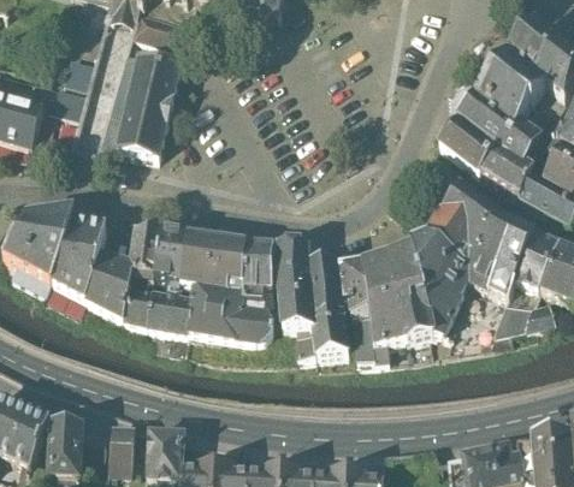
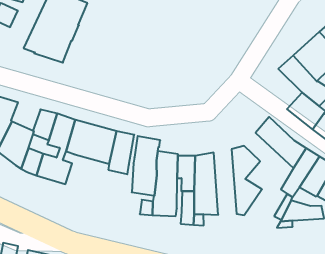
building: [438,120,497,174] -> none
building: [426,214,501,291] -> none
building: [386,242,431,337] -> none
building: [187,281,272,335] -> none

